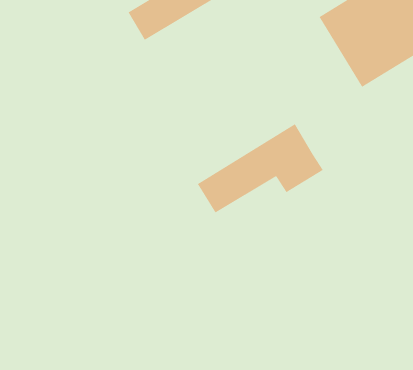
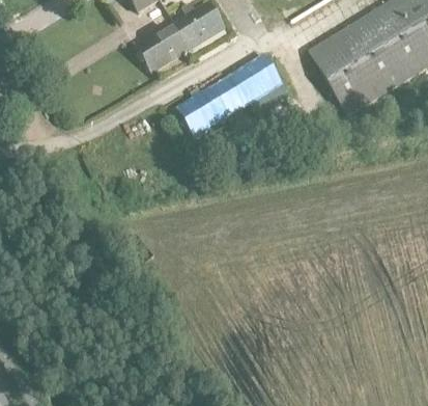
building: [197,123,324,214] -> [178,53,293,135]

